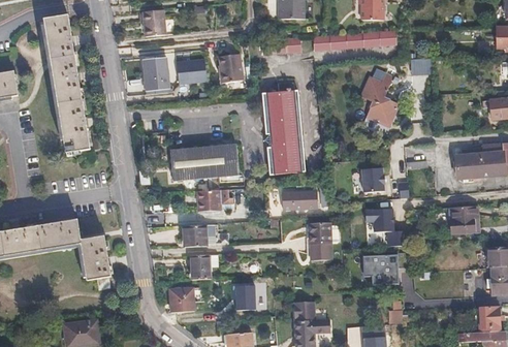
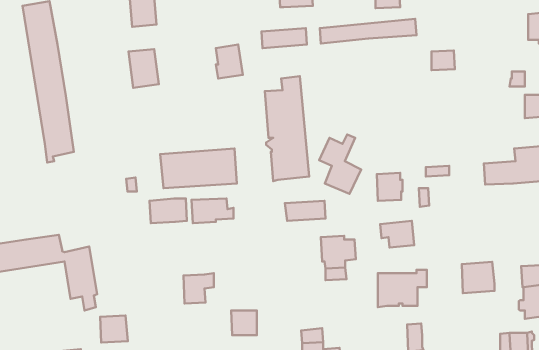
building: [176,59,205,85] -> none
building: [361,72,399,125] -> [319,134,361,194]
building: [448,204,477,232] -> [462,262,494,293]
building: [182,225,215,247] -> [150,199,187,223]
building: [168,289,193,313] -> [100,316,128,342]

